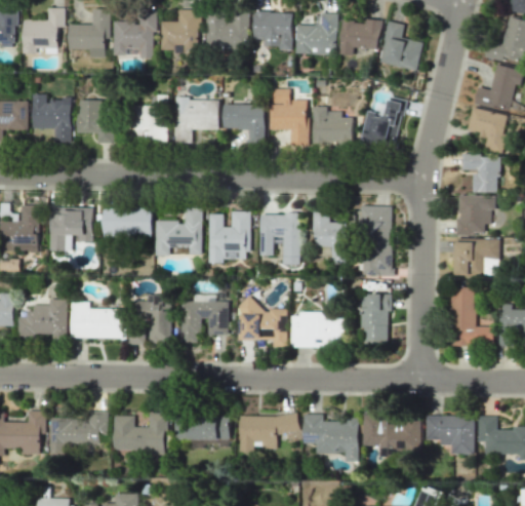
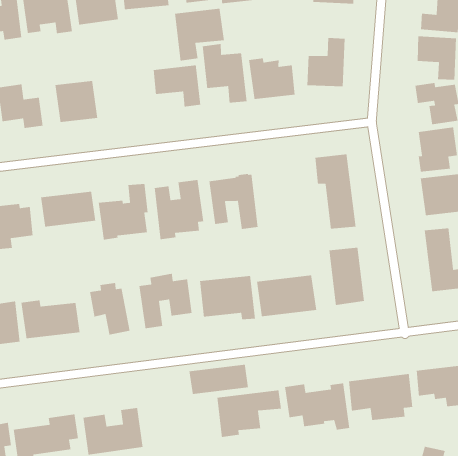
building: [174,99,218,144] -> [174,8,225,62]
building: [313,213,346,264] -> none
building: [176,417,230,440] -> [189,364,249,395]

